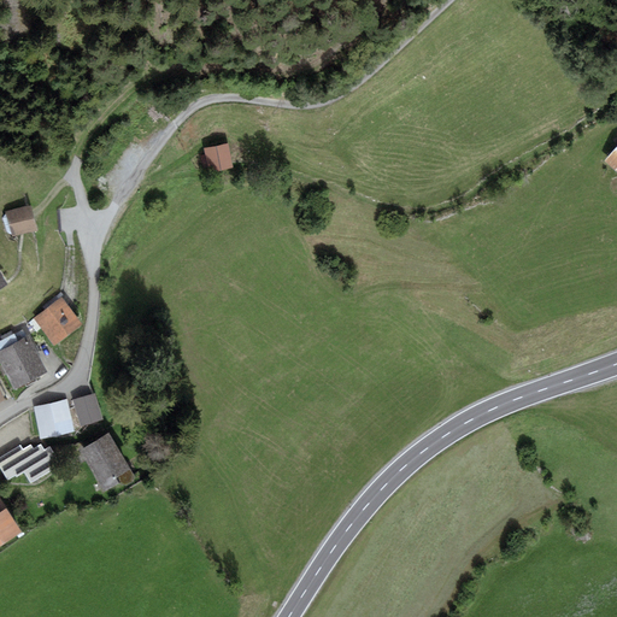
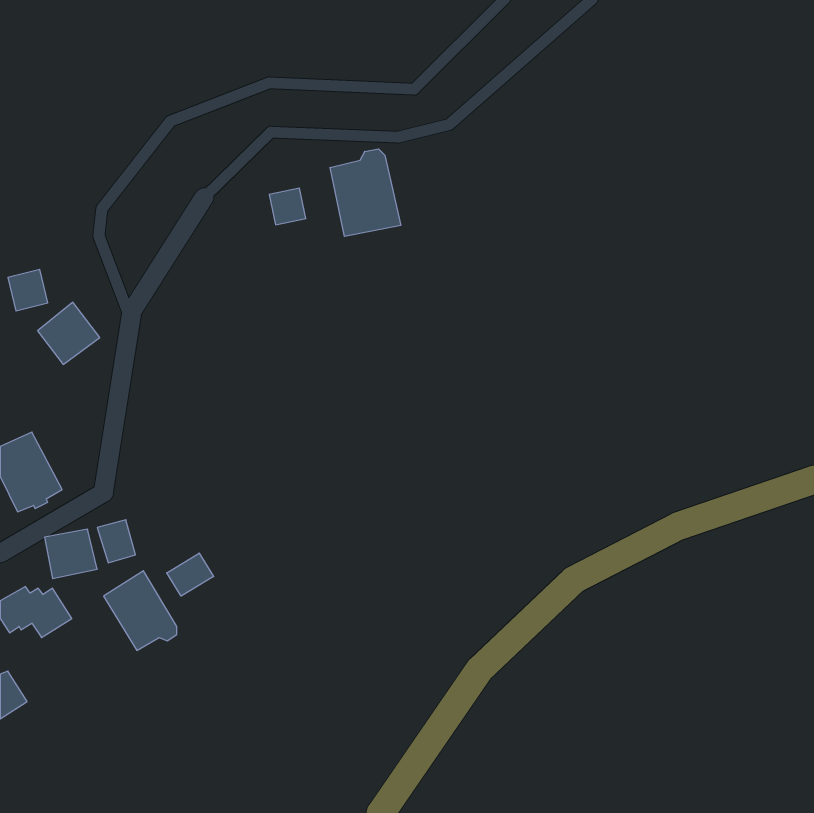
building: none -> [330,149,401,236]
building: [35,296,82,343] -> [38,302,100,364]
building: none -> [167,553,214,596]

